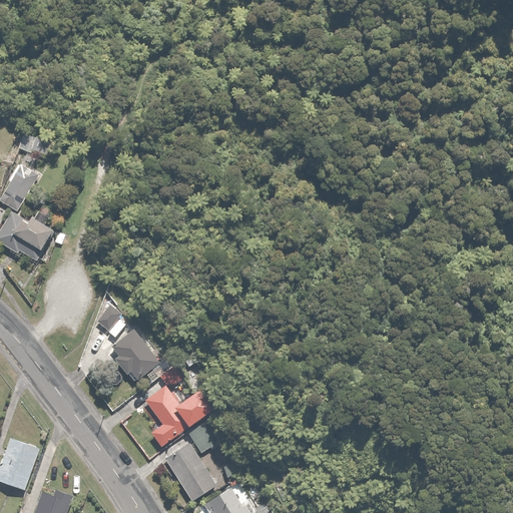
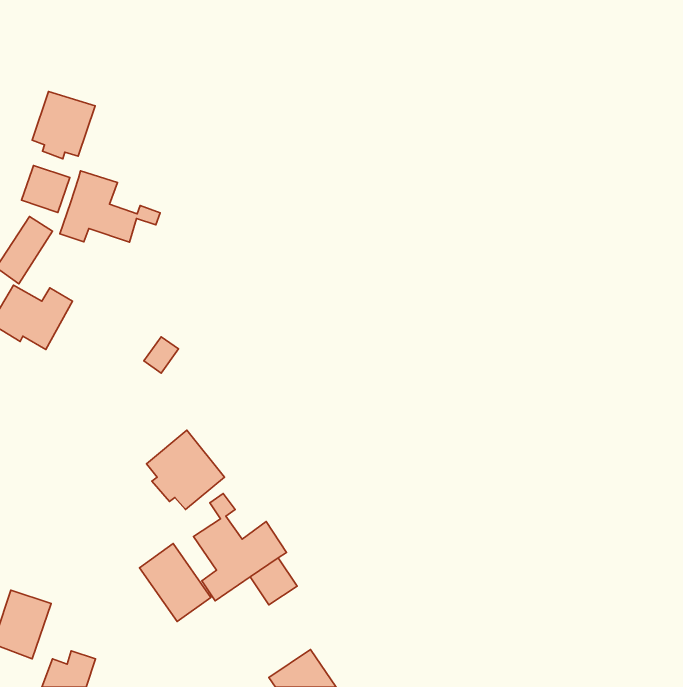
building: none -> [32,91,95,159]
building: none -> [60,171,160,242]
building: [94,305,120,332] -> [144,337,179,373]
building: [164,442,217,500] -> [140,544,211,622]

